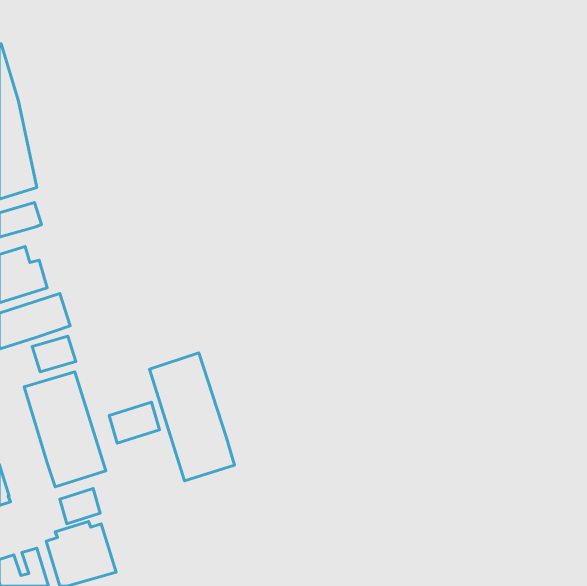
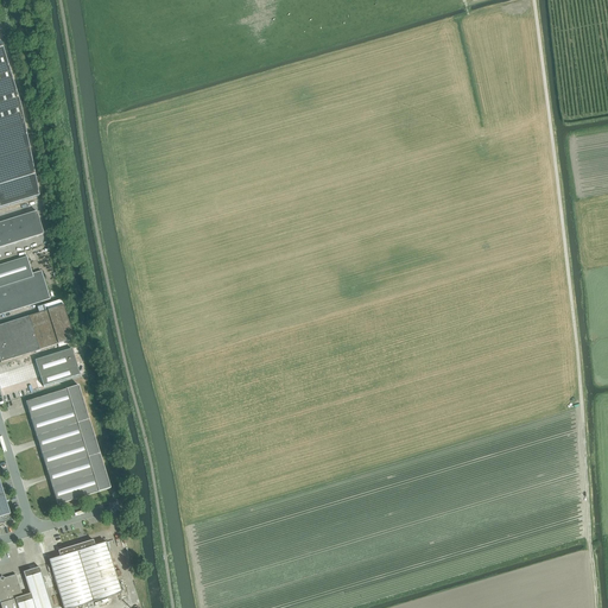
building: [150,353,235,481] -> none
building: [109,402,159,443] -> none
building: [60,489,100,524] -> none

